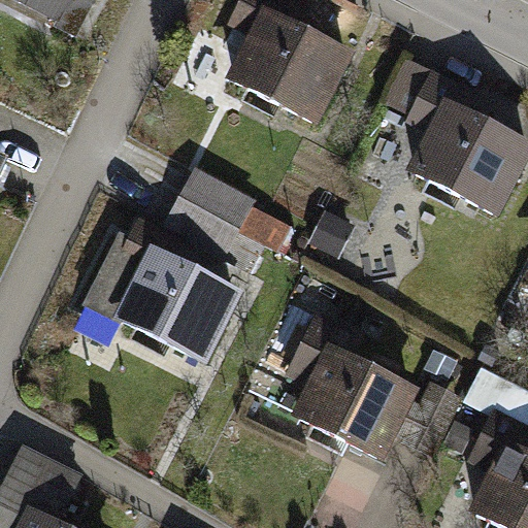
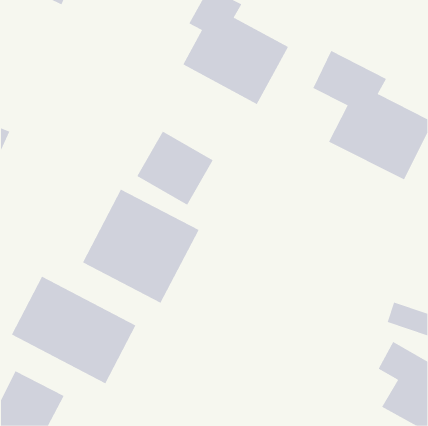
building: [285,323,419,454] -> none
building: none -> [11,276,136,384]

